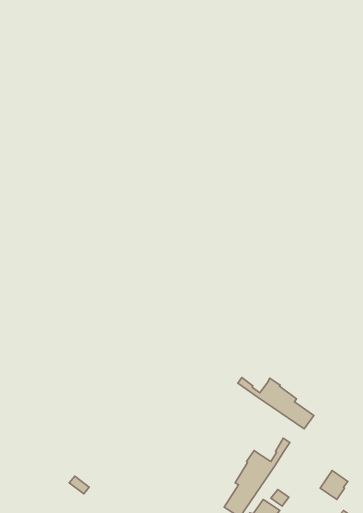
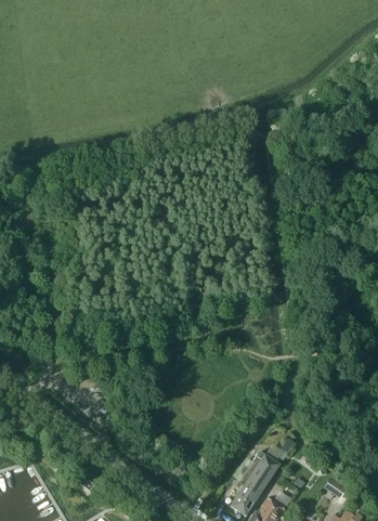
building: [238,377,314,429] -> none

